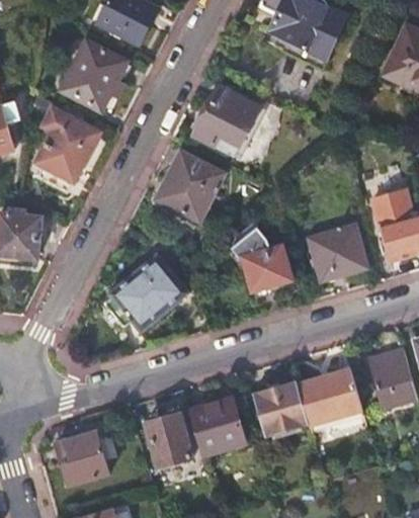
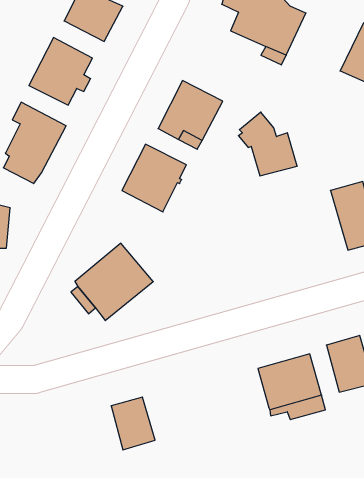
building: [308,223,367,280] -> none
building: [231,224,291,289] -> [238,112,297,176]
building: [252,380,309,435] -> none
building: [189,397,245,454] -> none
building: [56,431,108,484] -> none

